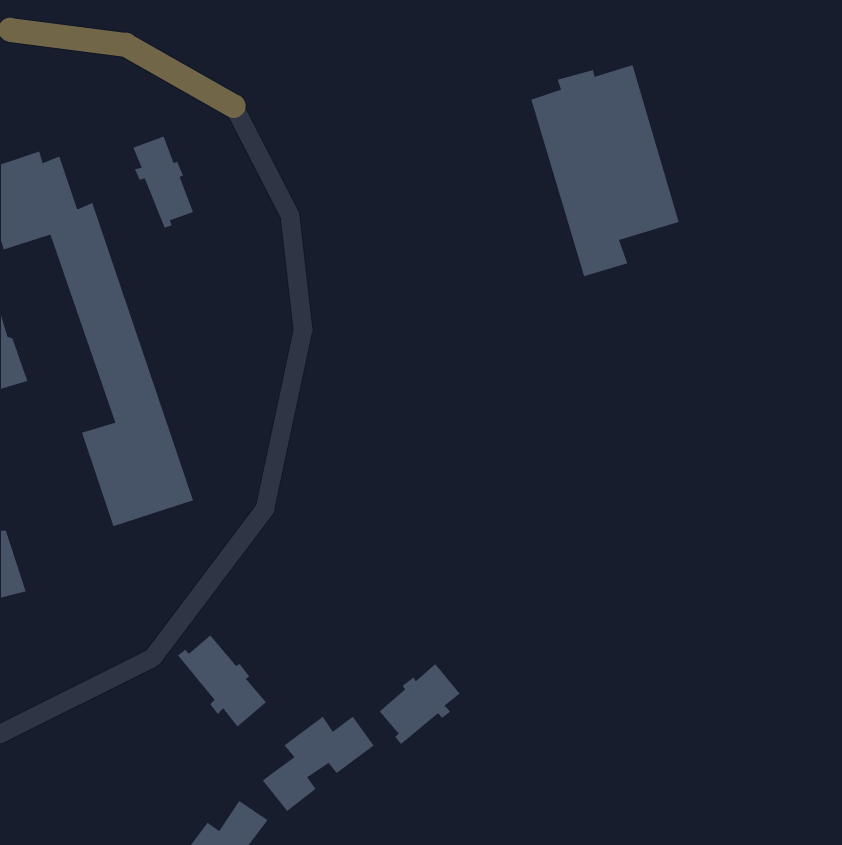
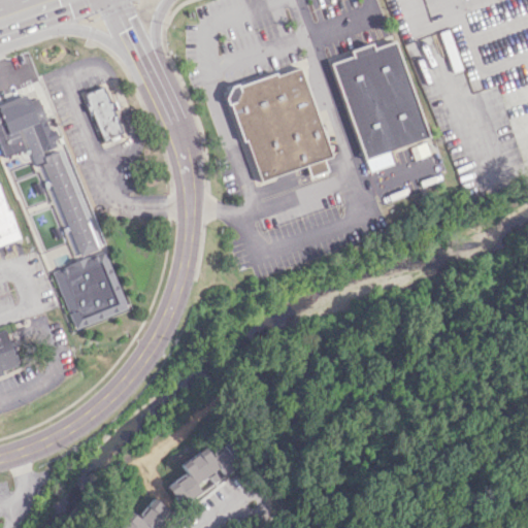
building: none -> [227,68,331,180]
building: [177,634,267,727] -> none
building: [379,663,461,745] -> none

